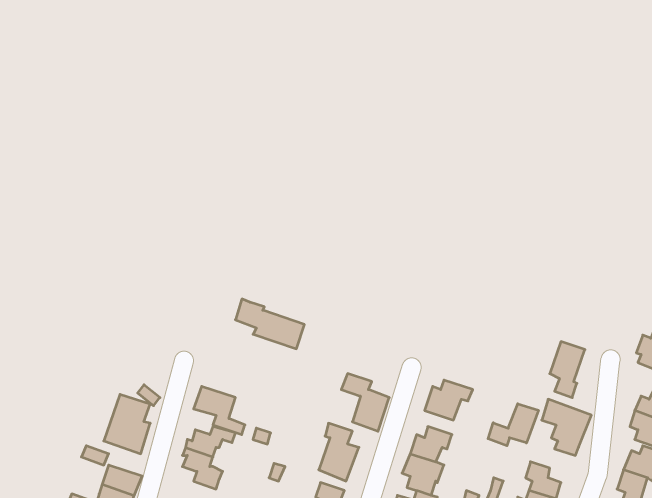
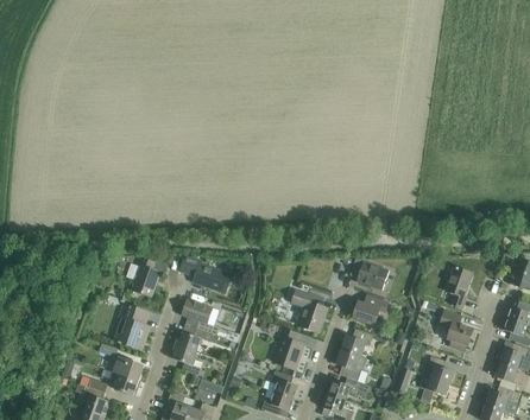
building: [235,299,304,349] -> [179,256,231,293]
building: none -> [131,257,159,297]
building: none -> [349,260,389,291]
building: [488,404,538,446] -> none

